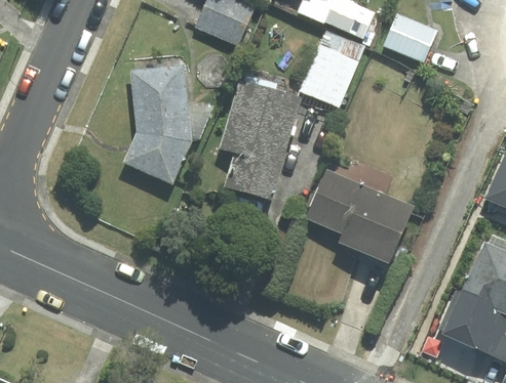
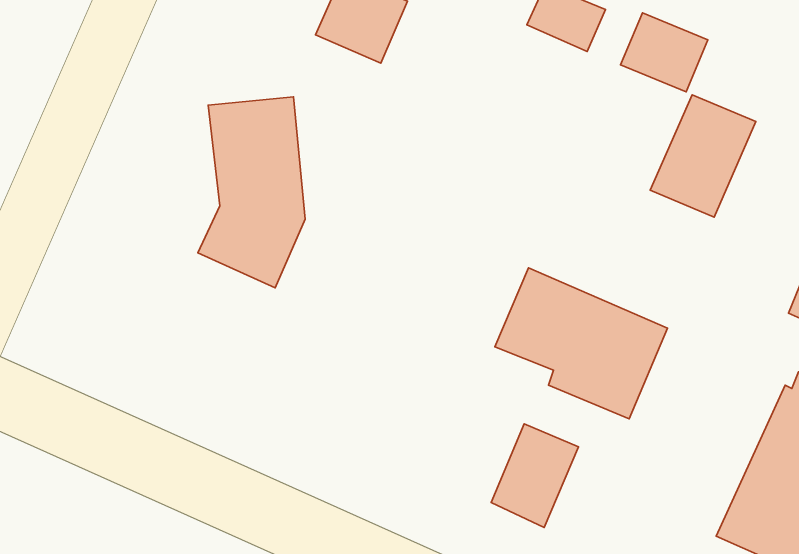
building: [300,32,364,107] -> [650,95,756,217]
building: [220,81,300,200] -> none
building: none -> [491,424,579,527]

